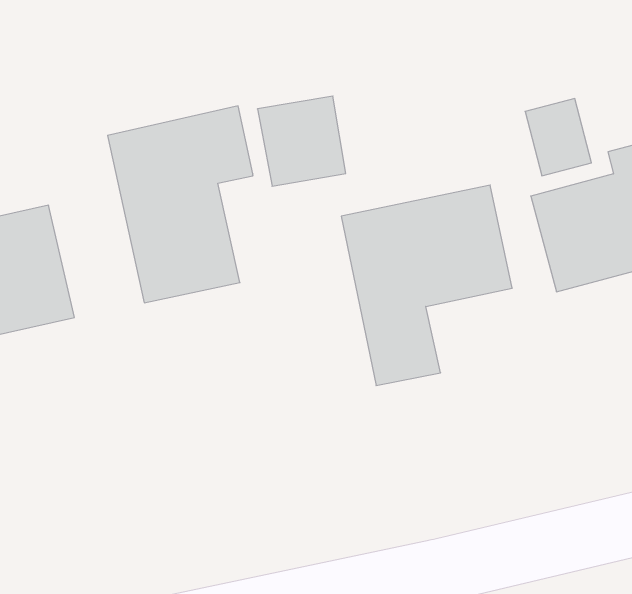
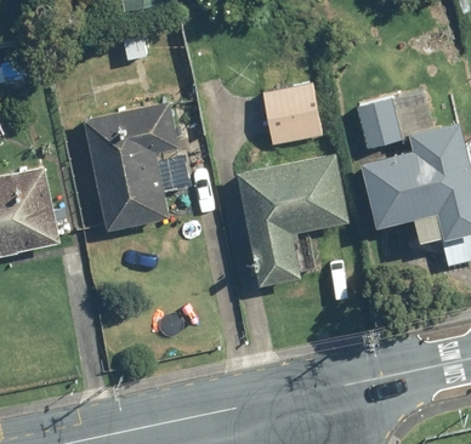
building: [257,96,346,186] -> [262,86,320,146]

